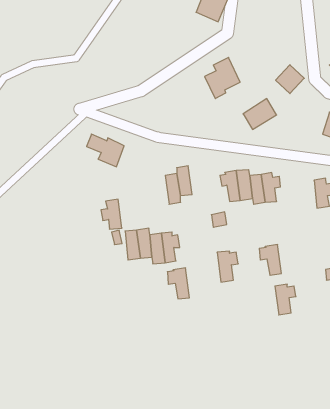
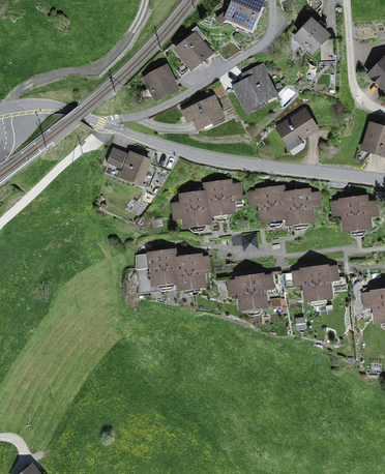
building: none -> [177,35,210,67]
building: none -> [146,68,175,98]
building: [276,65,304,94] -> [296,21,327,52]
building: none -> [191,97,217,126]
building: none -> [217,181,238,214]
building: none -> [332,199,356,231]
building: [101,199,122,229] -> [174,194,197,226]
building: [167,268,189,299] -> [229,276,253,309]
building: [275,284,296,315] -> [314,266,336,299]

